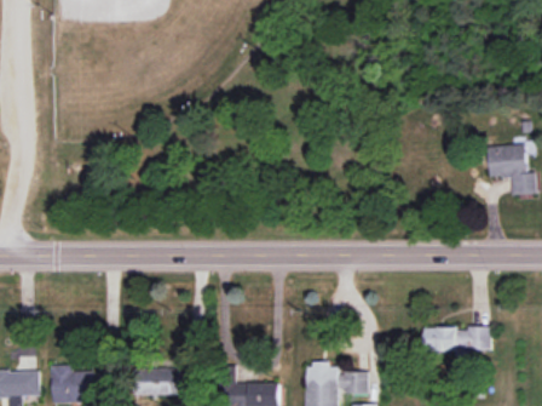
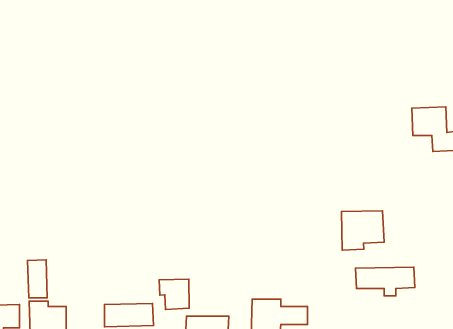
building: none -> [341,211,384,250]
building: none -> [28,260,47,298]
building: none -> [159,279,189,309]

